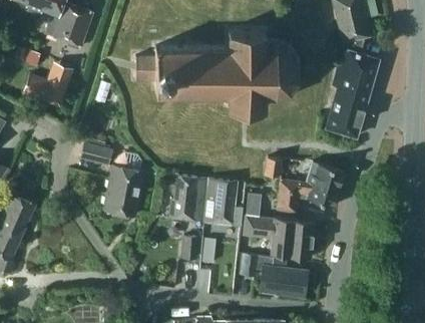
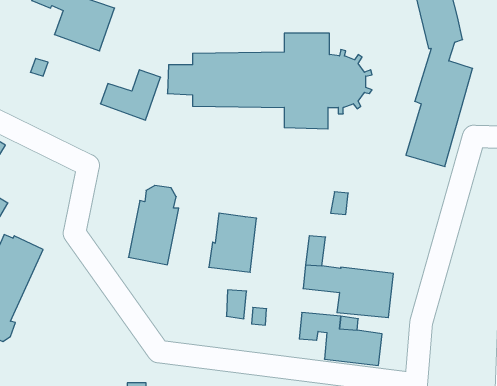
building: [23,65,71,105] -> [100,70,161,120]
building: [80,142,113,167] -> none
building: [277,163,345,214] -> none
building: [204,180,243,228] -> none

